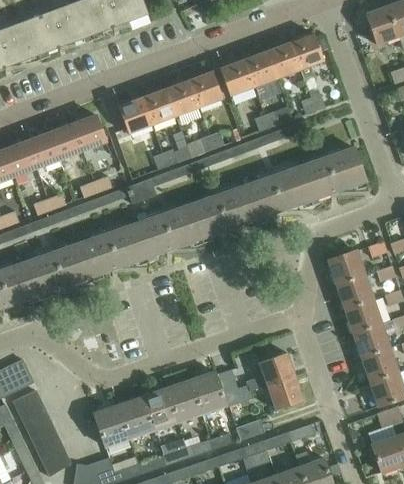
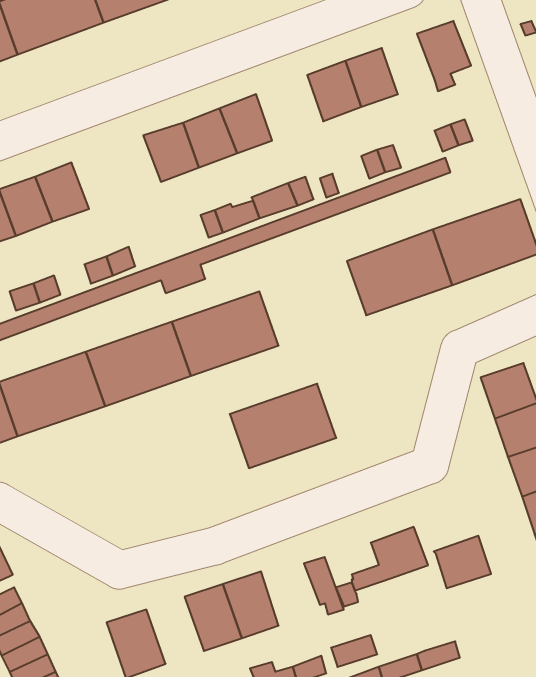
building: [267,41,300,79] -> none
building: [188,71,222,108] -> none
building: [72,114,107,151] -> none
building: [190,184,257,237] -> [230,384,336,468]
building: [191,371,227,413] -> none
building: [268,375,304,408] -> [434,536,491,588]
building: [119,395,155,437] -> none

